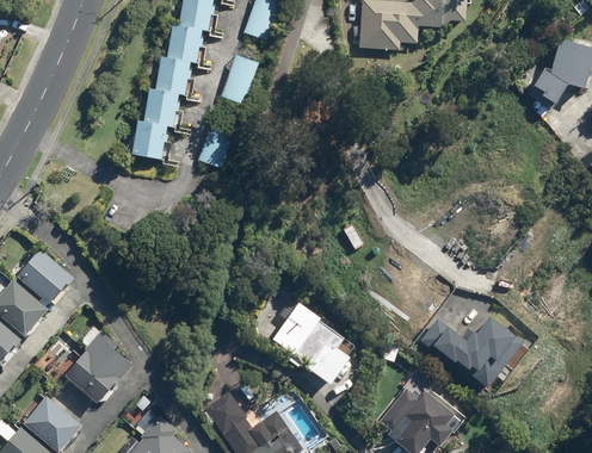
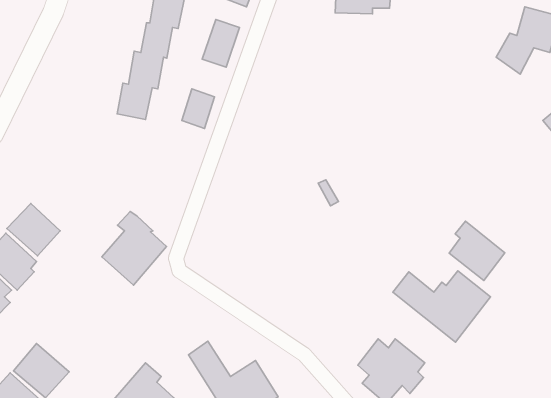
building: none -> [449,221,505,280]
building: [272,303,359,384] -> none
building: [63,324,131,402] -> [102,211,166,285]

